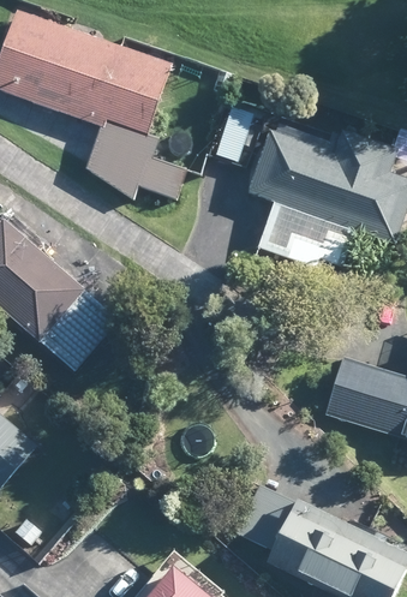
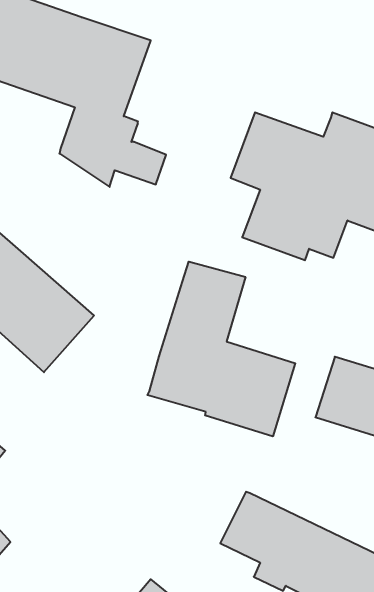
building: none -> [147,262,295,436]

